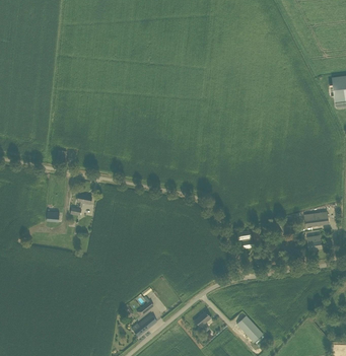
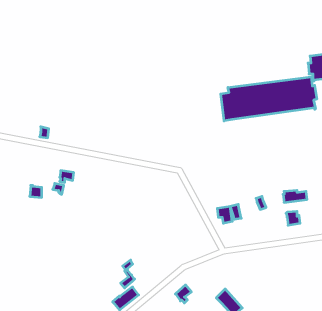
building: none -> [221,77,317,121]

